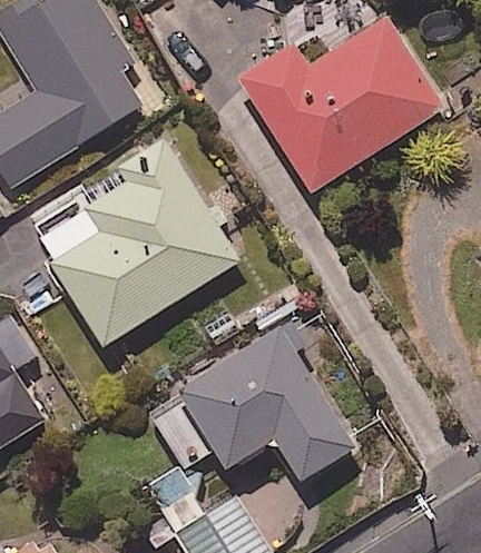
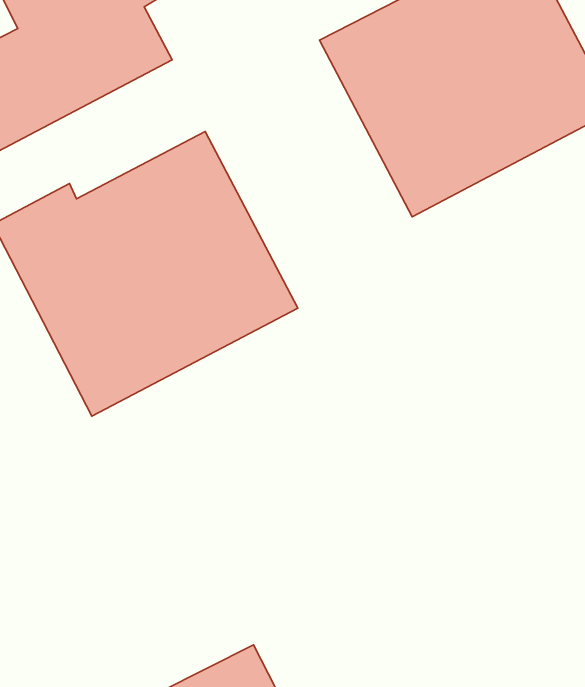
building: [174,325,349,476] -> none

